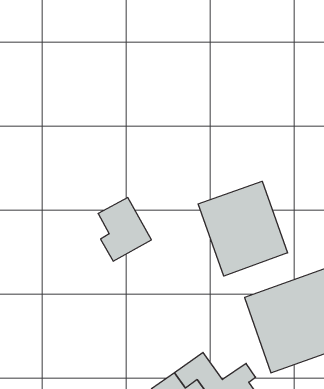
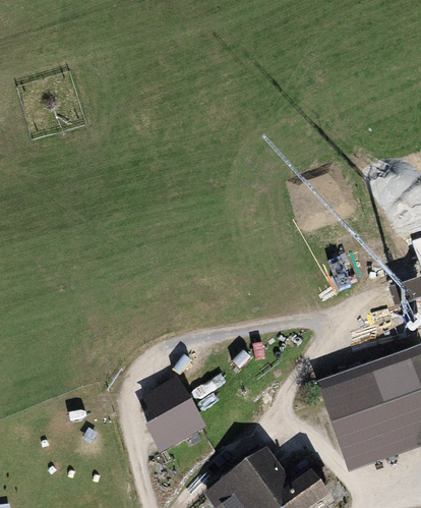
building: [198,181,288,276] -> none
building: [98,198,151,261] -> [141,375,205,451]

